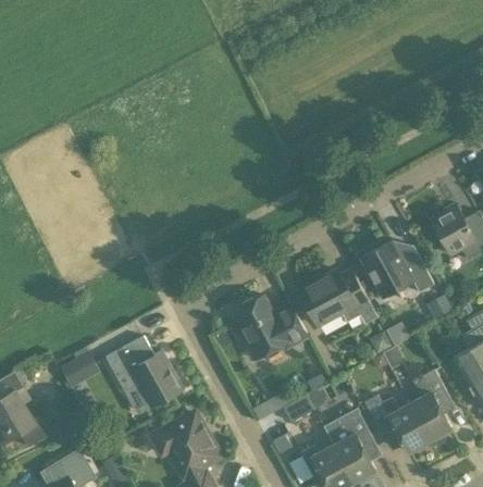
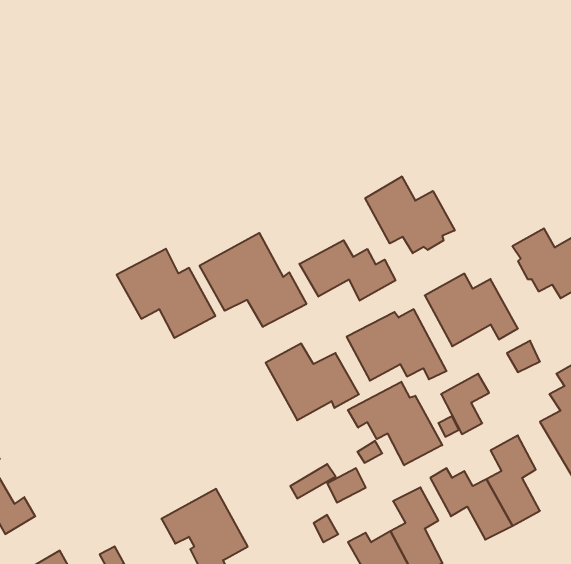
building: none -> [365,176,455,253]
building: none -> [200,233,306,327]
building: none -> [299,240,395,301]
building: none -> [348,382,442,465]
building: [104,336,183,407] -> [117,249,215,338]
building: [63,350,100,383] -> none

